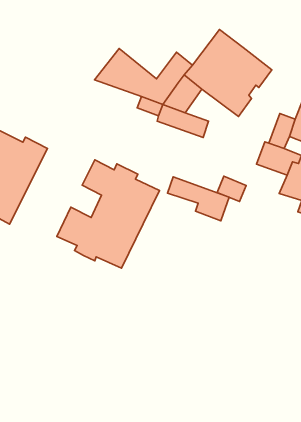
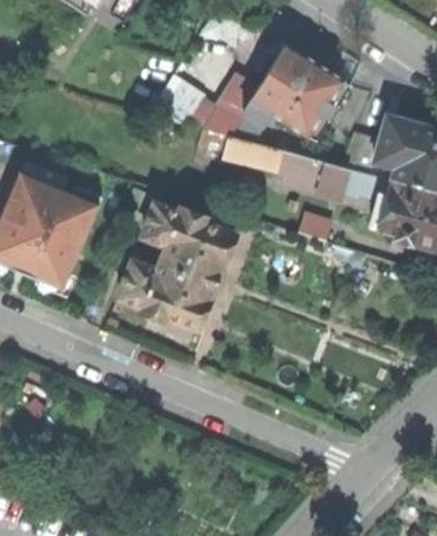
building: [168,177,229,221] -> [277,151,348,197]

